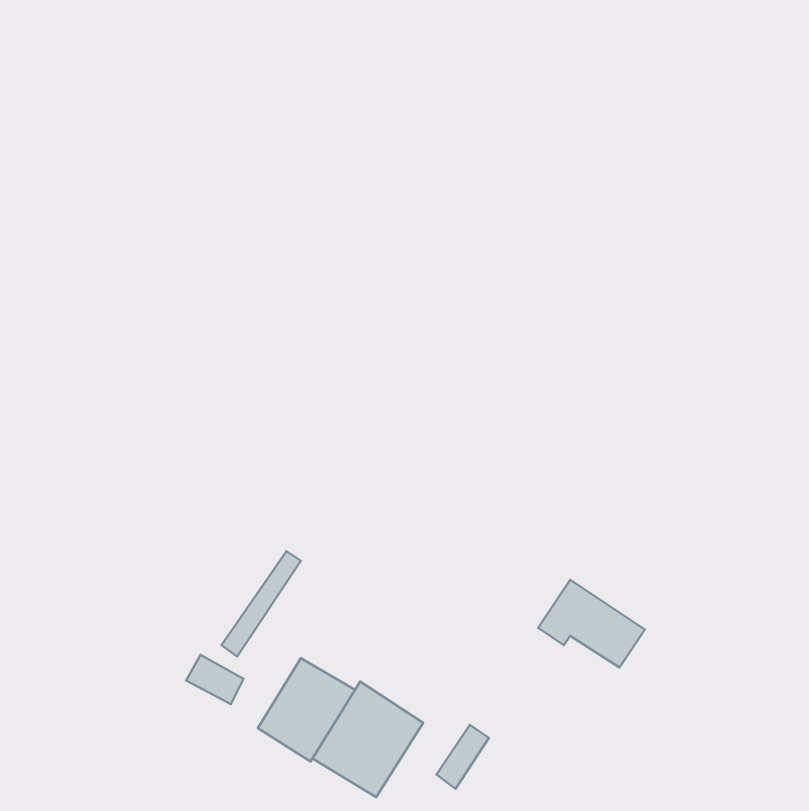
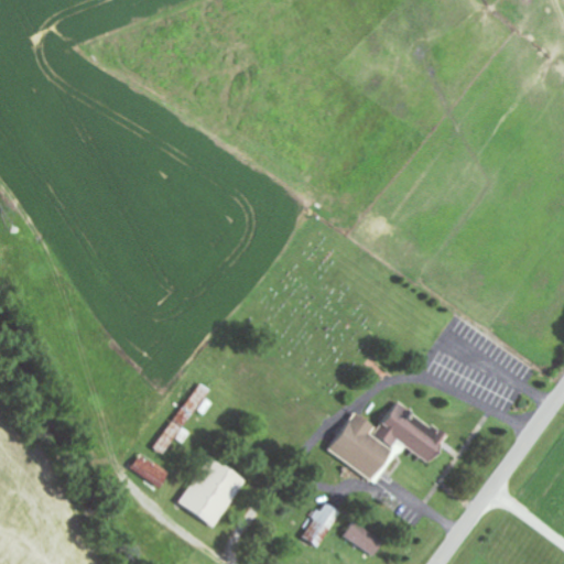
building: none -> [327,411,391,478]
building: [313,682,423,797] -> none
building: none -> [343,521,383,554]

